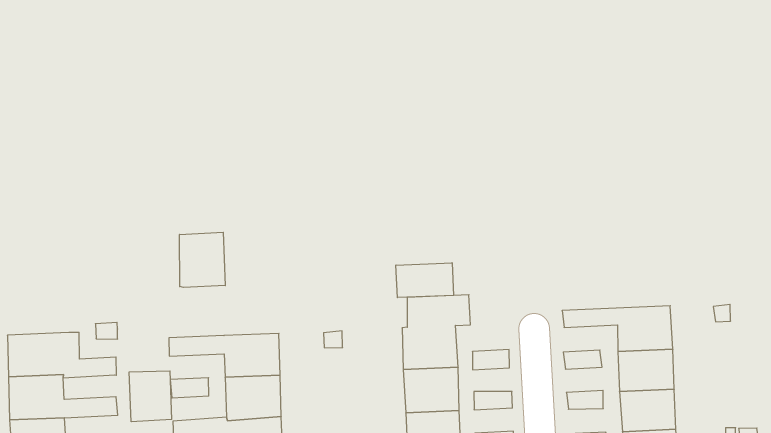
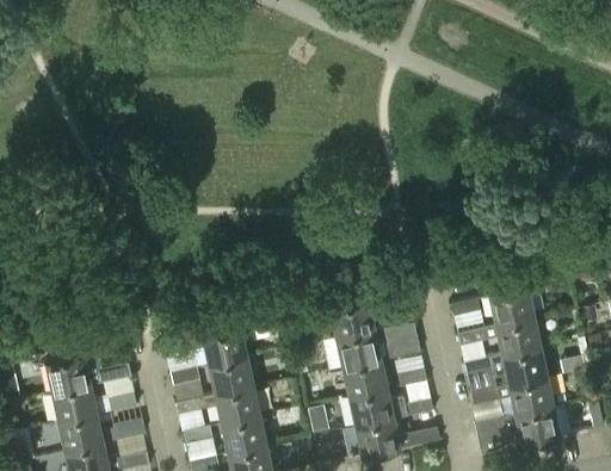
building: [180,232,225,287] -> none
building: [396,263,454,298] -> none
building: [129,371,172,422] -> none

